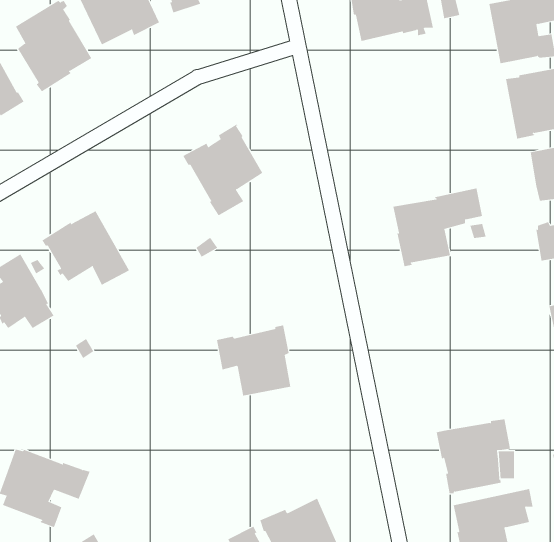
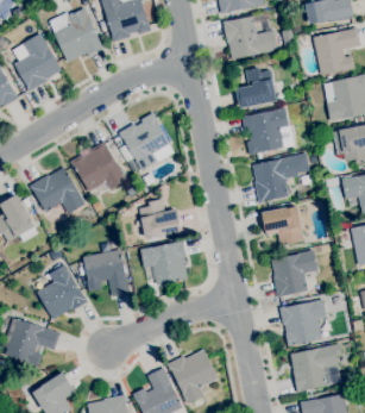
building: none -> [237,67,277,108]
building: none -> [241,107,289,158]
building: none -> [71,142,126,199]
building: none -> [139,199,182,238]
building: none -> [262,206,304,245]
building: none -> [80,242,131,296]
building: none -> [271,250,317,298]
building: none -> [37,264,88,320]

